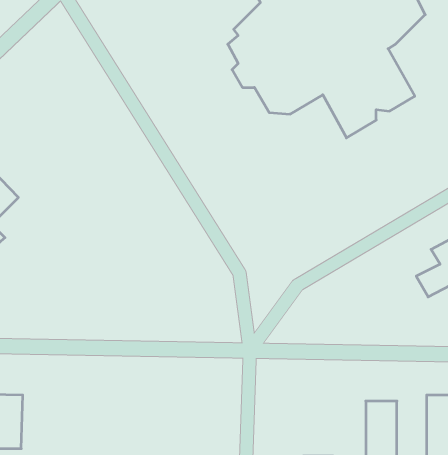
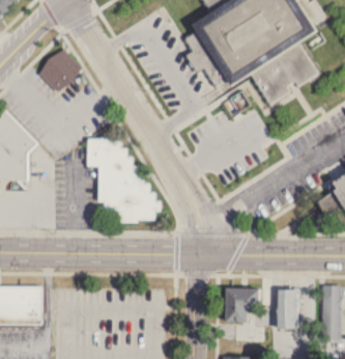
building: none -> [35,48,82,94]
building: none -> [85,139,160,224]
building: none -> [229,287,265,322]

